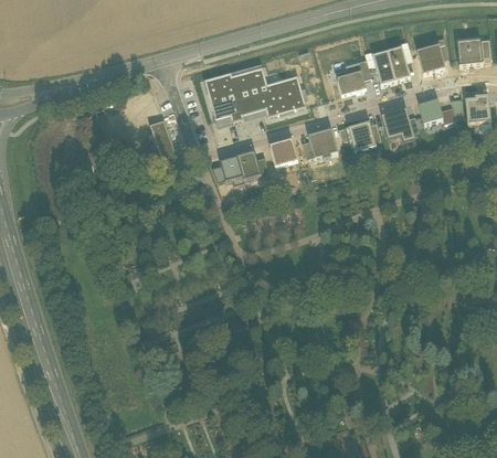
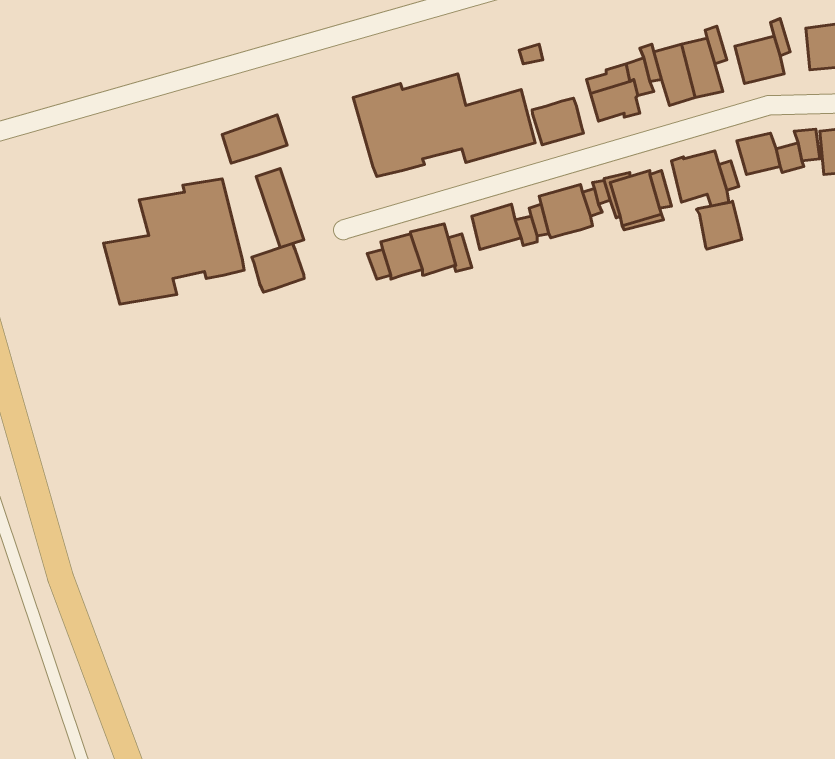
building: none -> [532,98,584,145]
building: none -> [222,115,287,163]
building: none -> [104,179,244,304]
building: none -> [697,201,742,249]
building: none -> [252,243,304,292]

